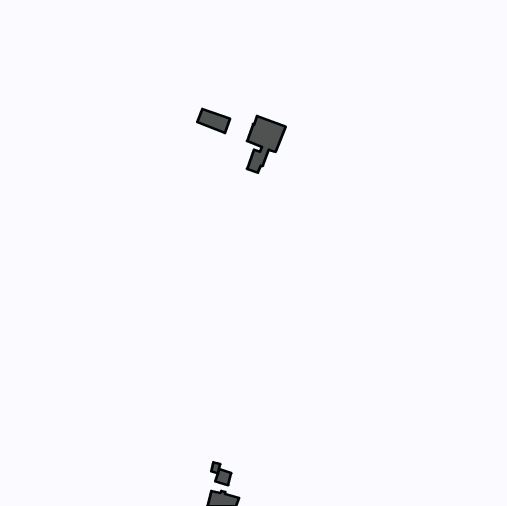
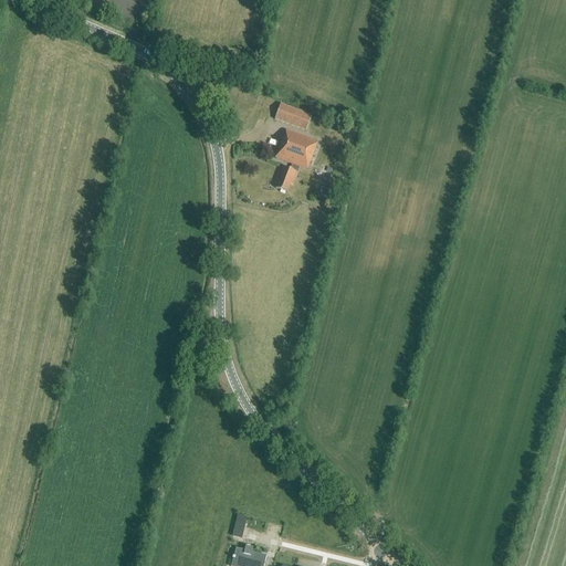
building: [197,109,230,133] -> [275,104,312,130]

